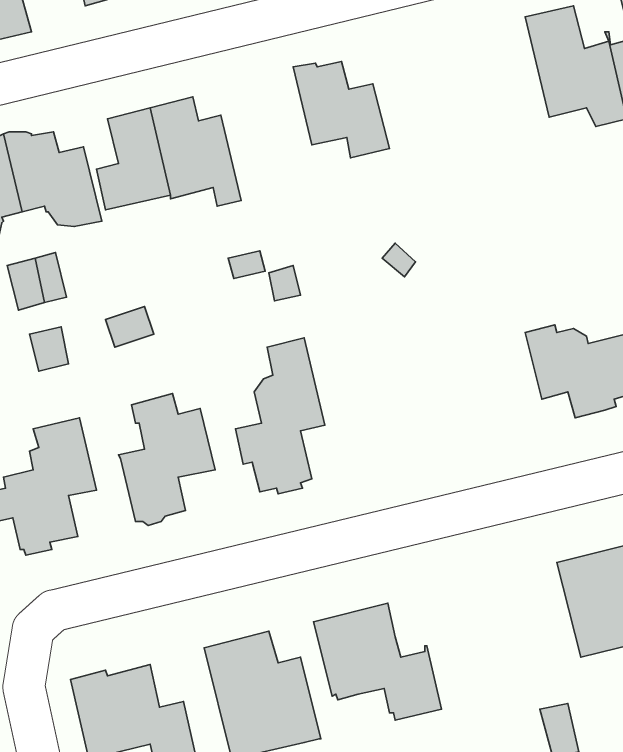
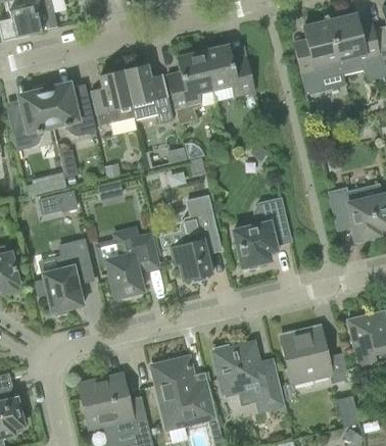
building: none -> [296,19,343,95]
building: none -> [167,47,212,125]
building: none -> [234,199,291,269]
building: none -> [281,326,349,383]

